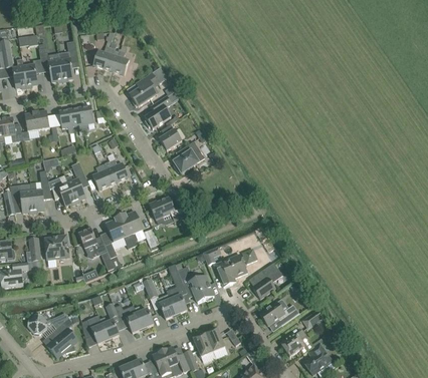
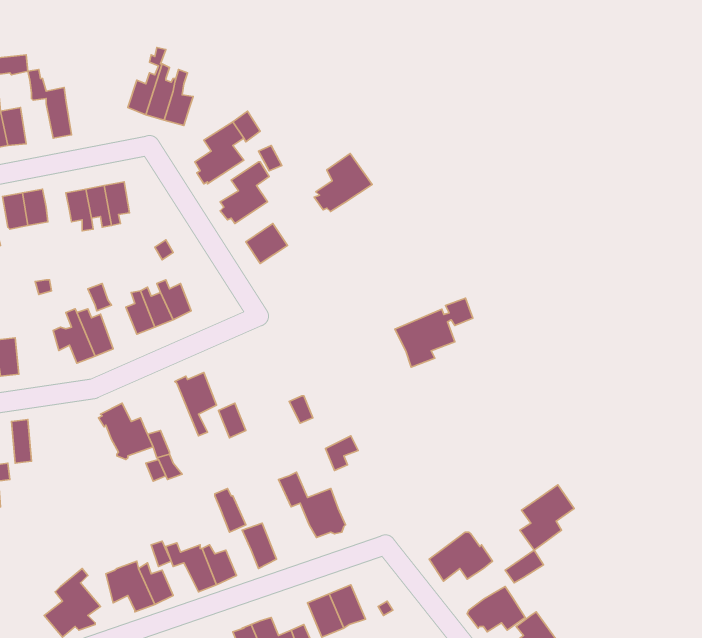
building: [58,40,78,79] -> none
building: [173,140,205,172] -> [314,154,372,212]
building: [30,169,52,212] -> none
building: [149,197,186,222] -> none
building: [105,217,133,248] -> none
building: [44,235,69,259] -> none
building: [214,248,257,286] -> [395,298,473,367]
building: [252,263,282,299] -> [520,485,574,550]
building: [167,265,187,314] -> none
building: [28,312,69,334] -> none

